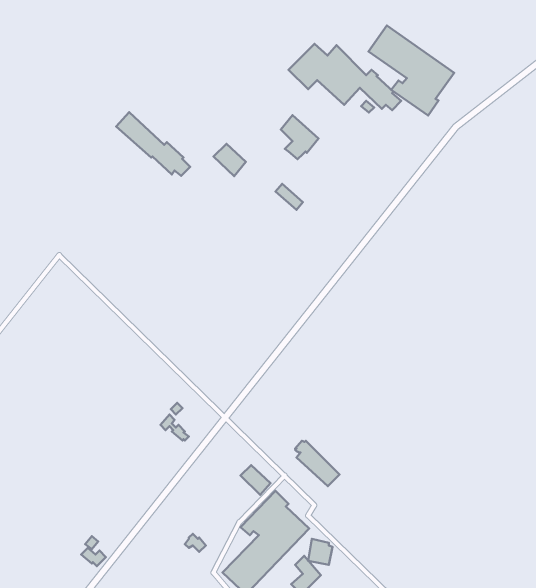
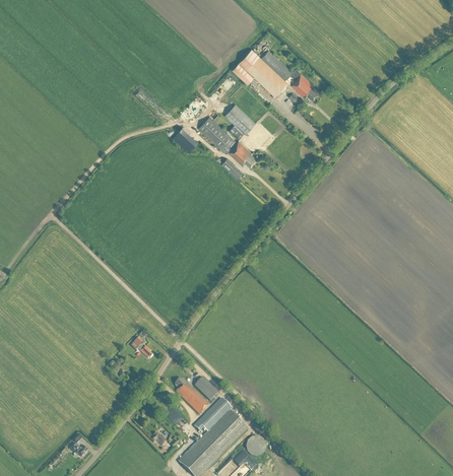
building: [368,26,454,116] -> none
building: [116,112,190,176] -> [198,116,256,165]
building: [295,441,339,486] -> [174,378,208,413]

